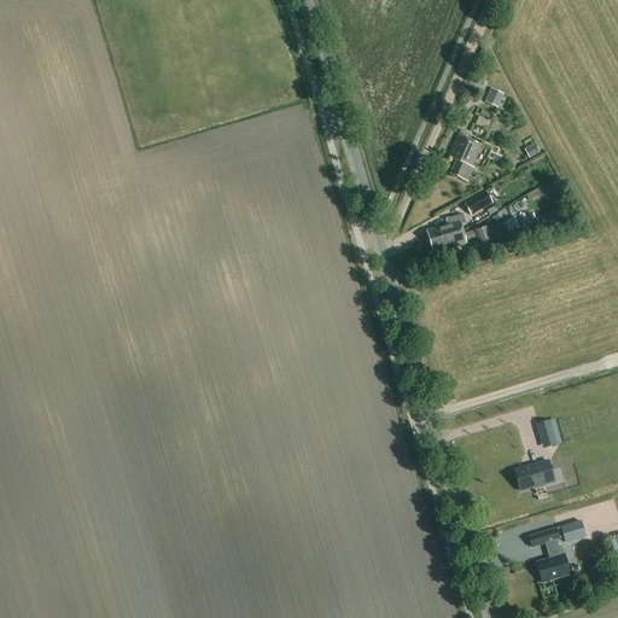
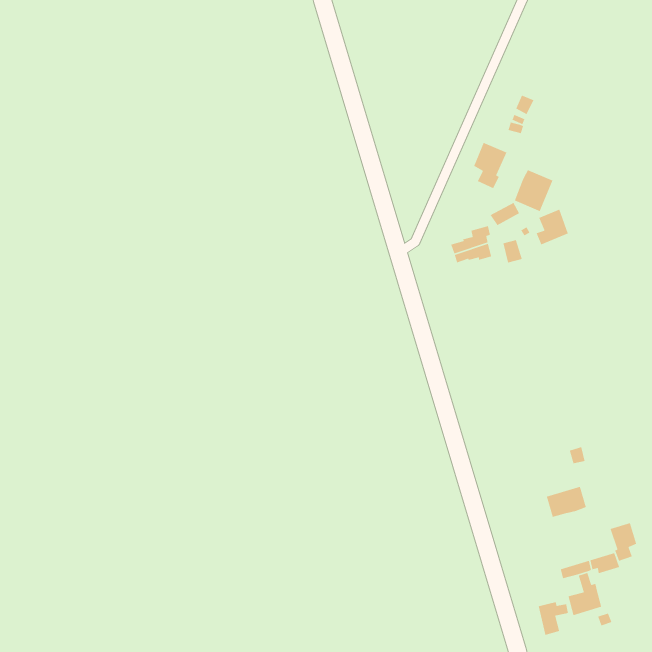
building: none -> [514,169,554,212]
building: none -> [610,522,637,562]
building: none -> [538,601,569,636]

